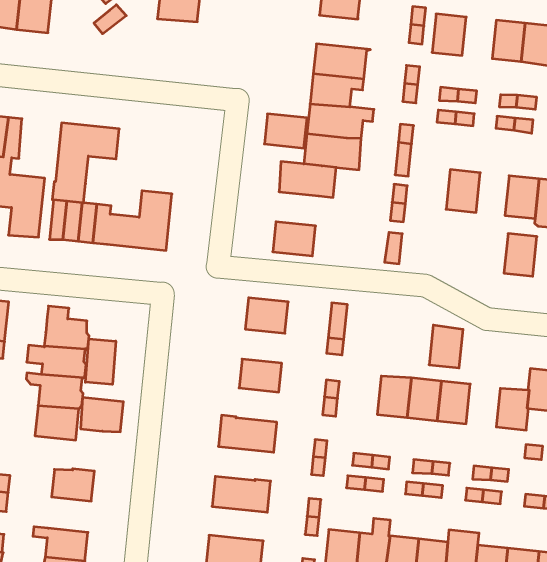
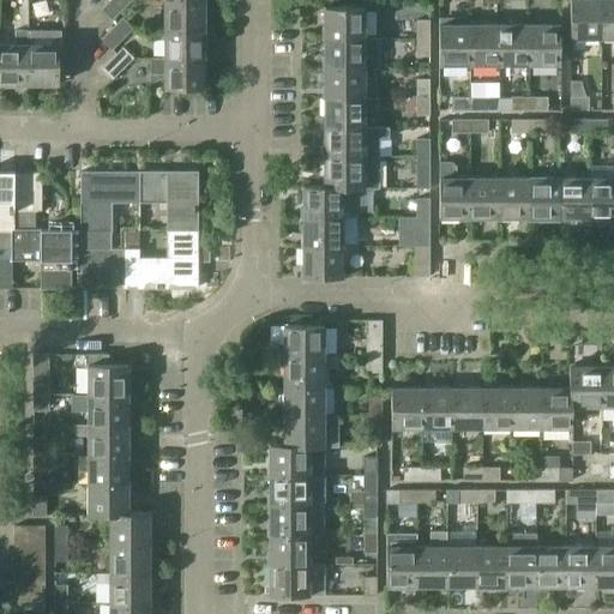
building: none -> [325,38,379,68]
building: none -> [150,59,205,90]
building: none -> [470,26,500,65]
building: [264,114,307,148] -> [303,218,343,248]
building: none -> [139,173,198,231]
building: none -> [440,162,470,218]
building: [504,234,537,276] -> [500,179,529,218]
building: [429,325,463,368] -> [512,389,542,428]
building: none -> [284,357,338,387]
building: [85,339,116,384] -> none
building: none -> [392,390,423,428]
building: none -> [284,416,338,447]
building: [81,397,123,432] -> [88,484,128,516]
building: none -> [270,476,309,506]
building: none -> [110,543,150,574]
building: none -> [270,536,309,565]

